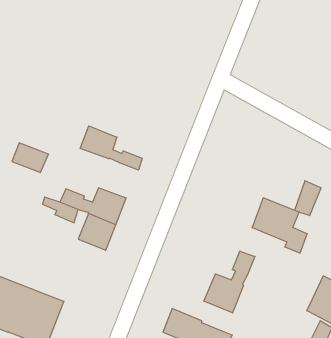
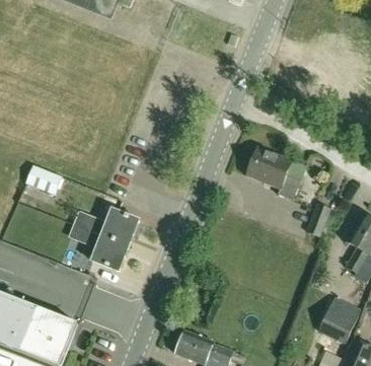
building: [80,126,142,170] -> none
building: [252,198,307,253] -> [246,147,301,202]
building: [204,251,255,313] -> none

